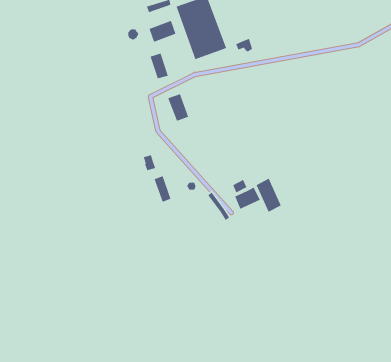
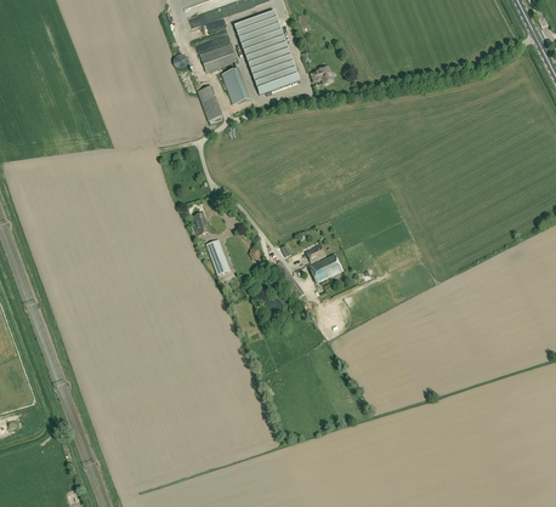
building: [167,93,189,122] -> [221,67,249,103]
building: [255,178,282,213] -> none

